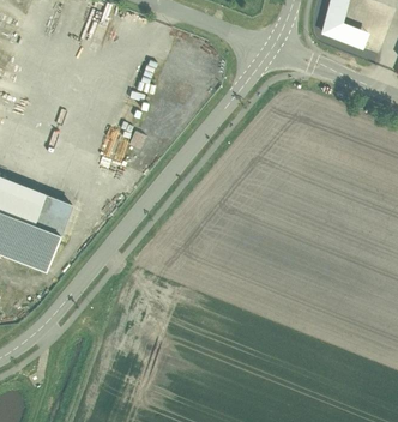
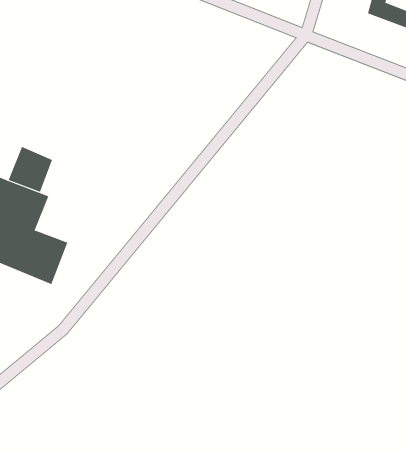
building: [32,193,72,234] -> [8,146,53,193]

